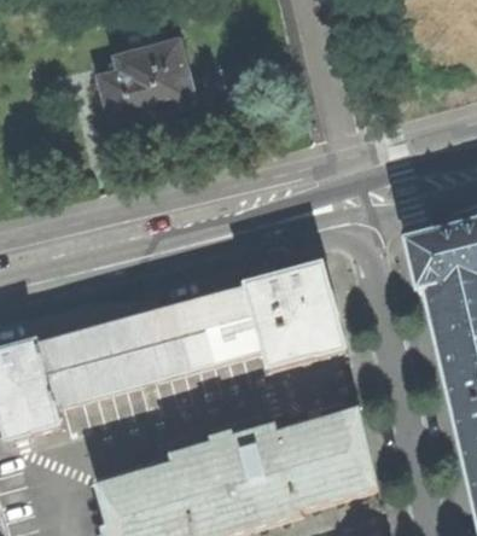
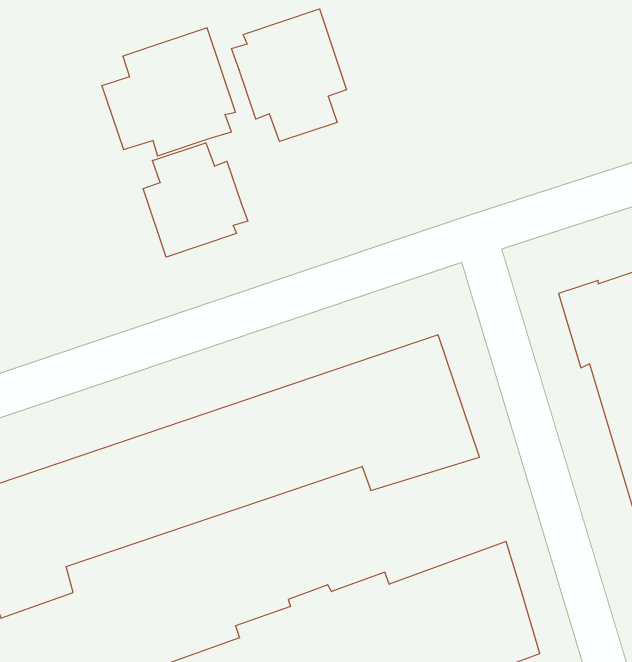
building: none -> [231,9,347,141]
building: none -> [143,143,248,257]

